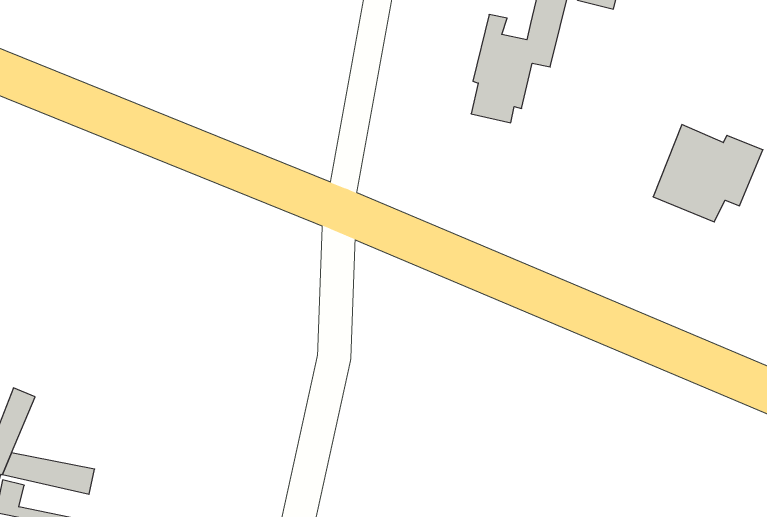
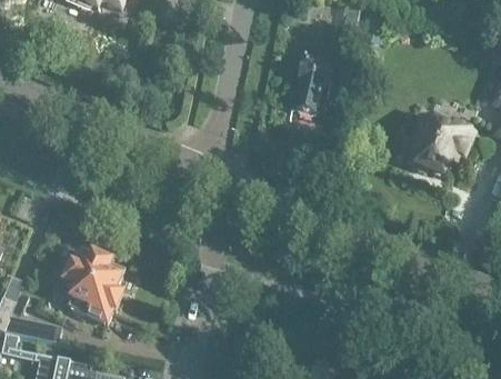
building: none -> [63,250,122,323]

